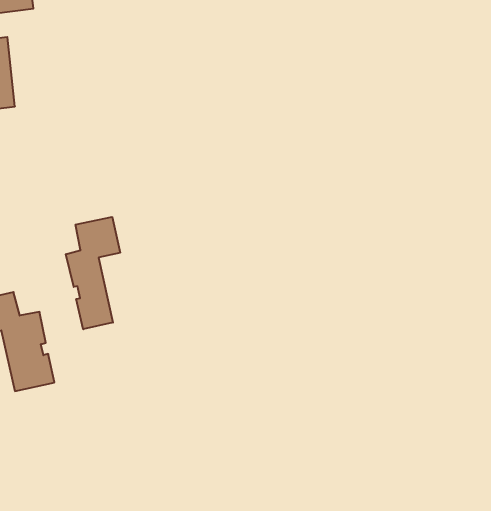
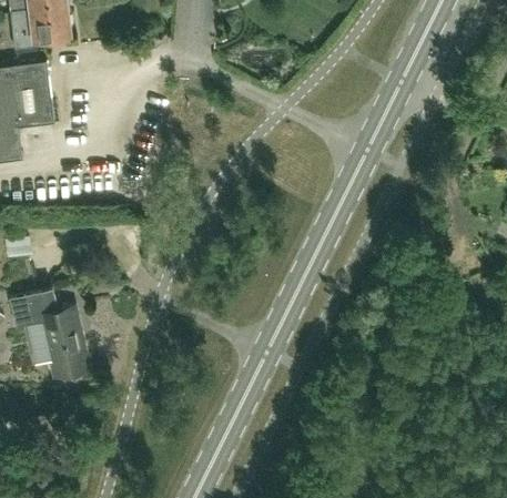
building: [66,217,120,329] -> none

